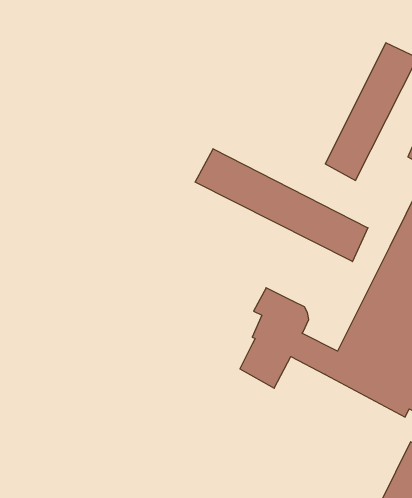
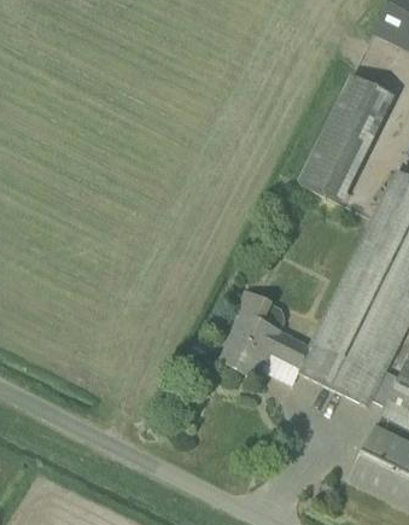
building: [195,149,368,262] -> none

